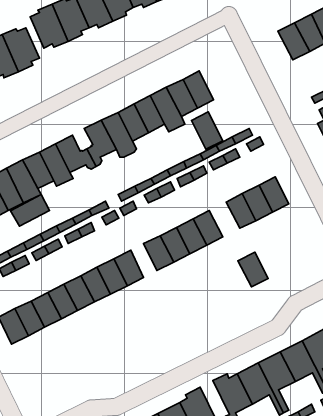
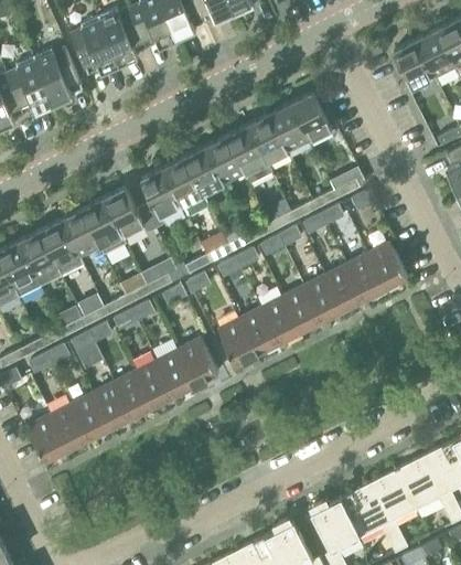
building: [191,112,223,149] -> [290,93,331,141]
building: [10,194,50,226] -> none
building: [238,252,268,287] -> [303,275,343,320]

